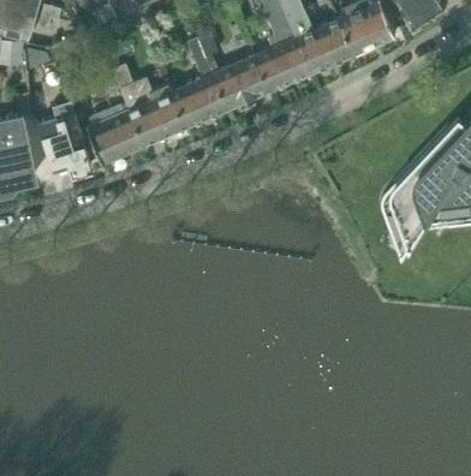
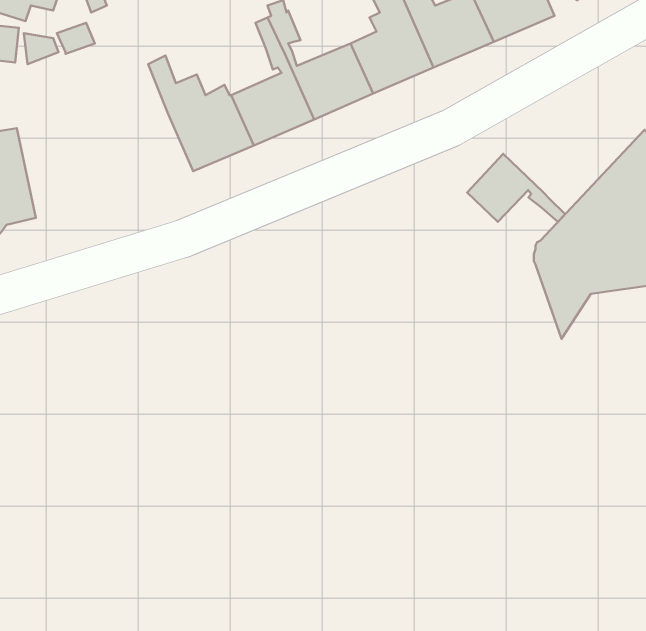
building: [87,103,144,163] -> none
building: [41,105,91,175] -> none
building: none -> [467,154,565,222]

